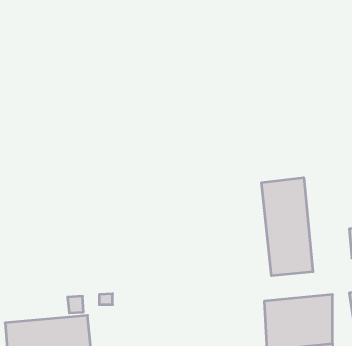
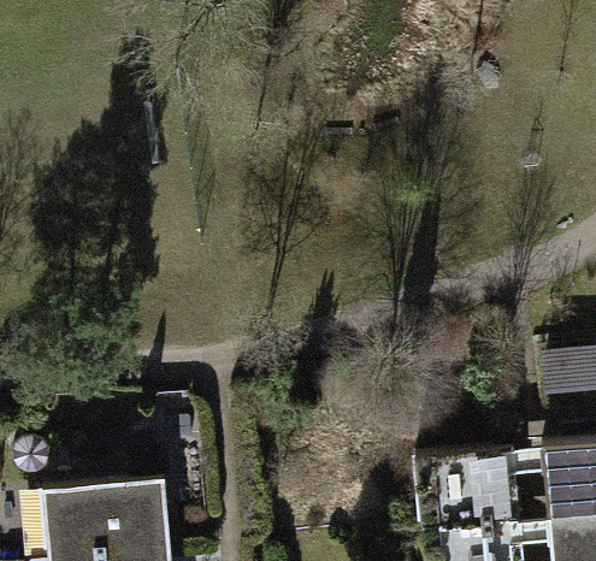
building: [262,178,313,276] -> none

